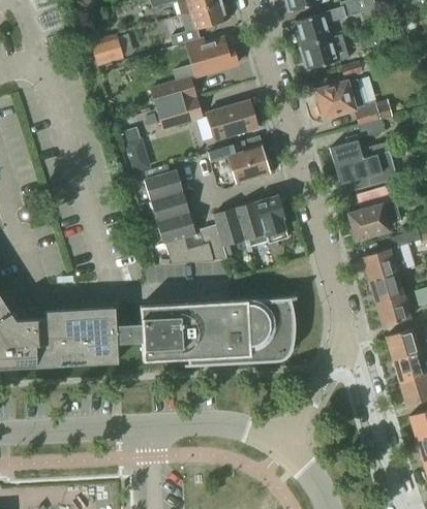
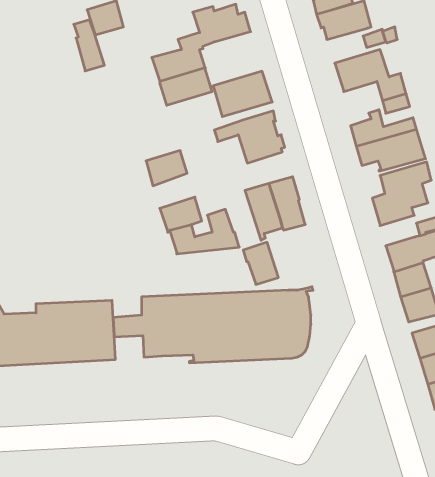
building: [123,127,151,173] -> [74,20,104,71]
building: [151,192,189,224] -> none
building: [213,208,245,246] -> [243,242,278,284]

